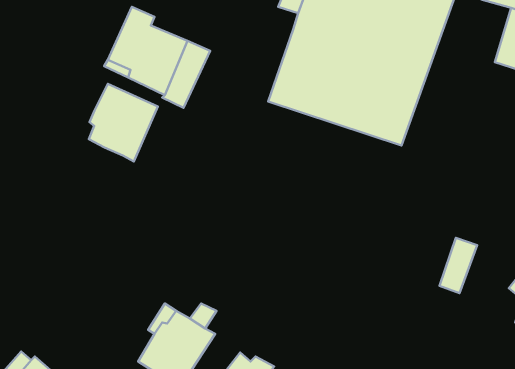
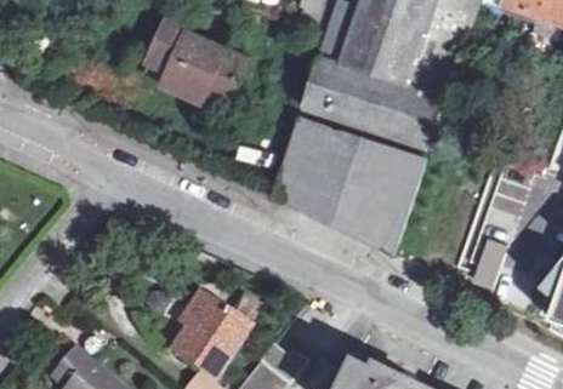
building: [89,84,158,162] -> none
building: none -> [274,118,422,248]

